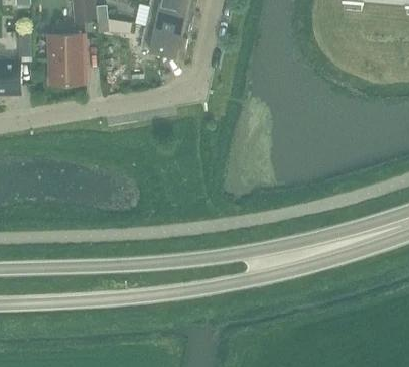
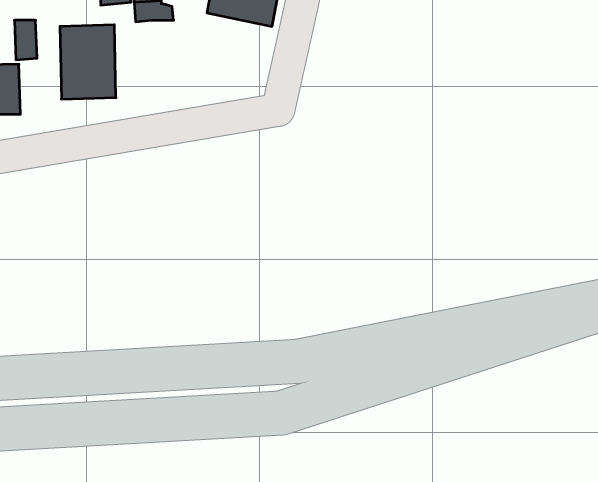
building: [140,26,188,57] -> none

